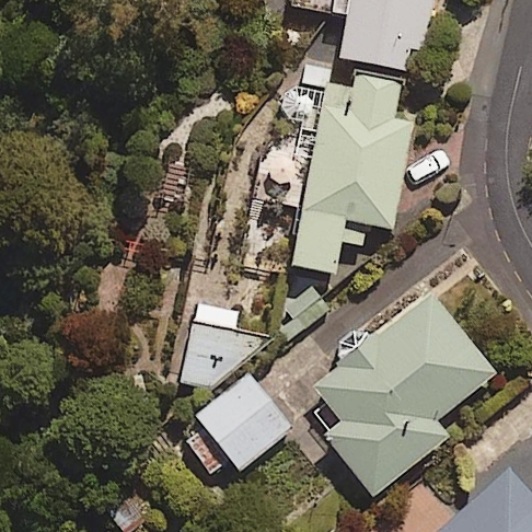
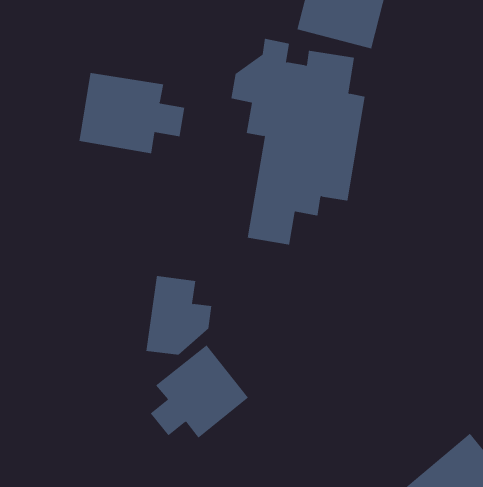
building: none -> [79,72,185,154]
building: [310,291,496,495] -> none

